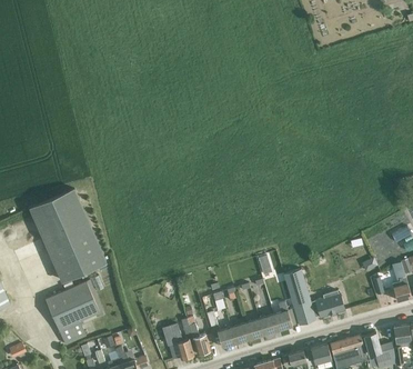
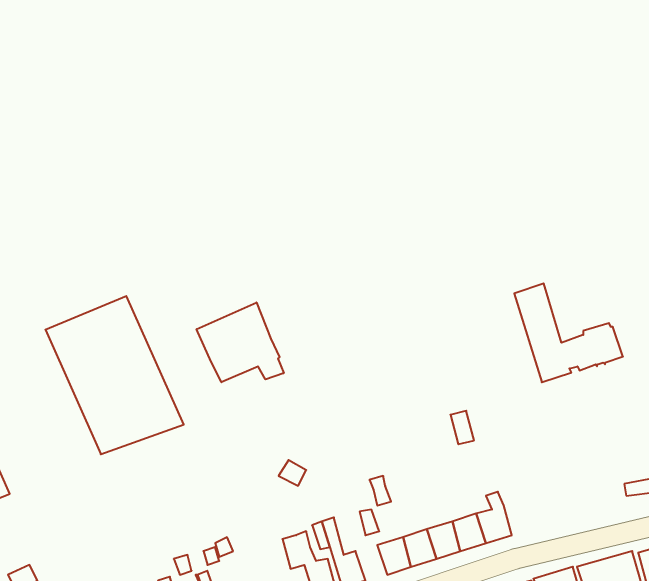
building: none -> [197,302,284,382]
building: [283,269,344,325] -> [514,283,623,382]
building: [46,281,101,346] -> none

